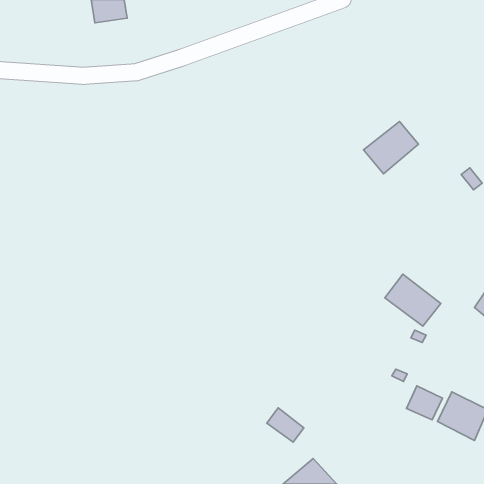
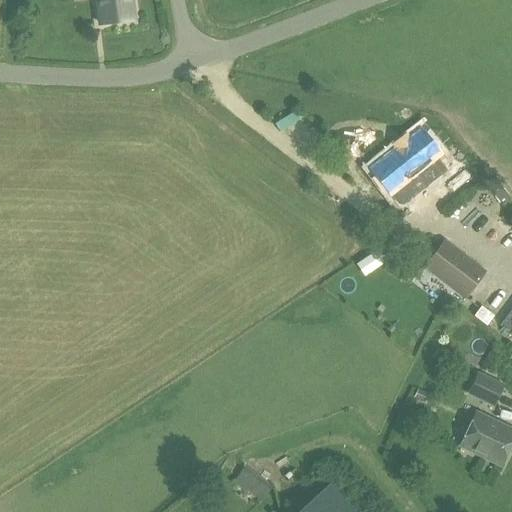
building: [385,274,441,326] -> [426,241,485,296]
building: [406,386,443,420] -> [468,370,506,406]
building: [267,408,304,442] -> [235,464,274,500]

